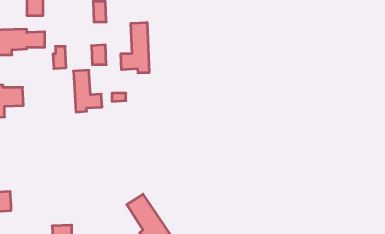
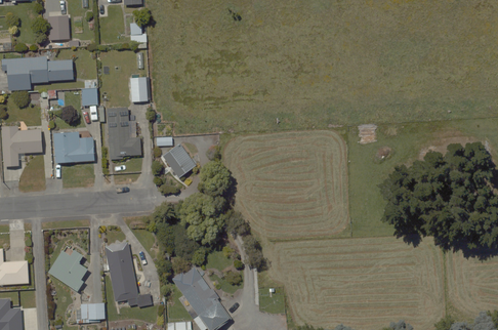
building: [121,22,149,73] -> none
building: none -> [54,134,95,162]
building: none -> [162,145,196,179]
building: none -> [103,241,148,307]
building: none -> [49,242,90,290]

